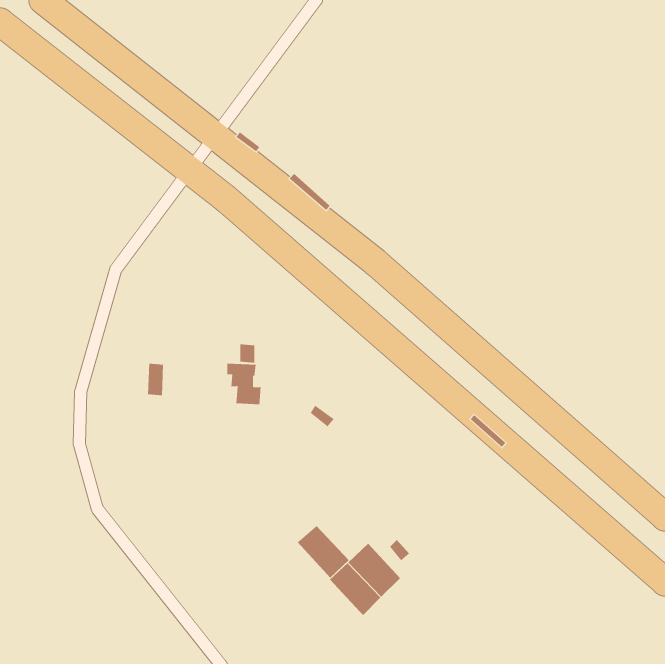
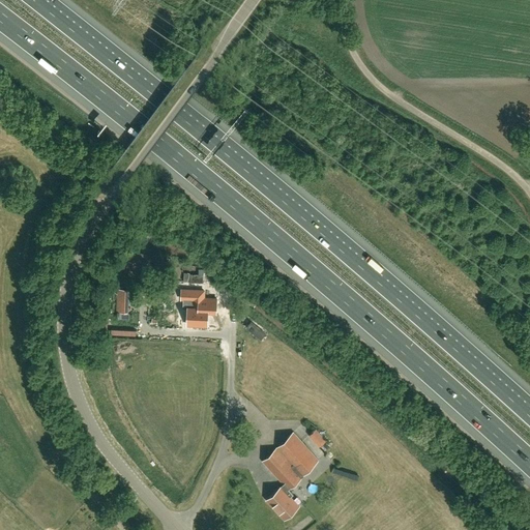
building: [297,525,350,579] -> none
building: none -> [266,488,299,521]

